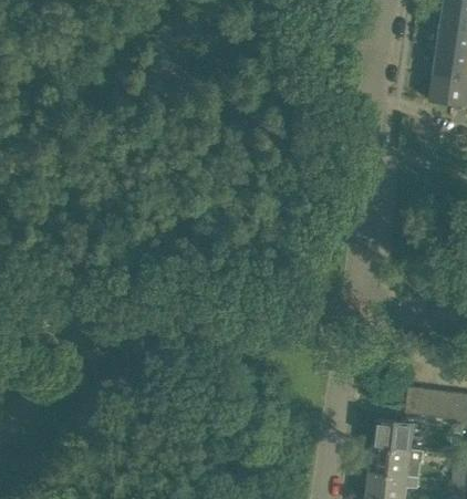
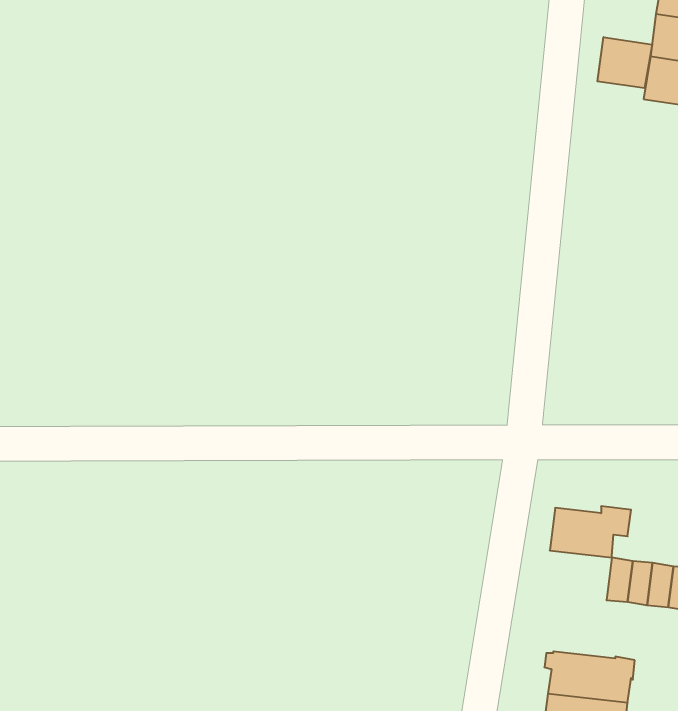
building: none -> [597,37,652,88]
building: [372,418,423,450] -> [550,506,631,558]

